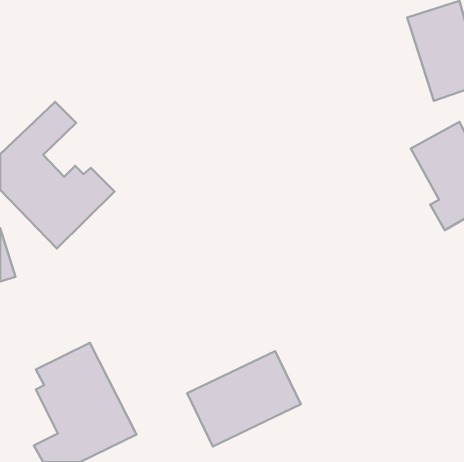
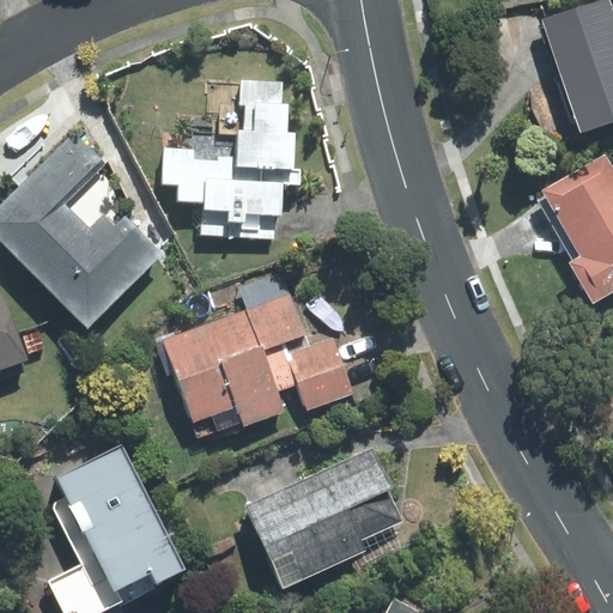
building: none -> [177,80,290,232]
building: none -> [164,292,353,438]

